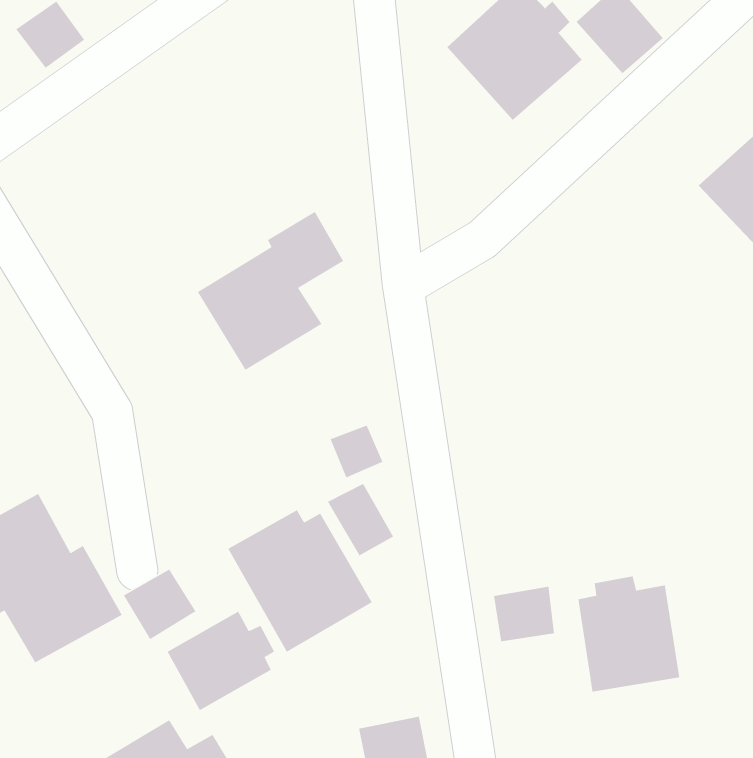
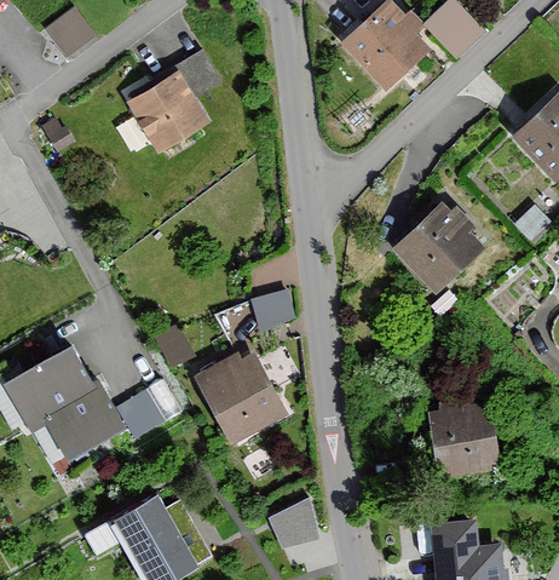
building: [197,211,344,371] -> [126,48,225,156]
building: none -> [388,201,482,294]
building: [327,483,394,557] -> none
building: [493,586,555,642] -> none
building: [166,610,275,711] -> none

